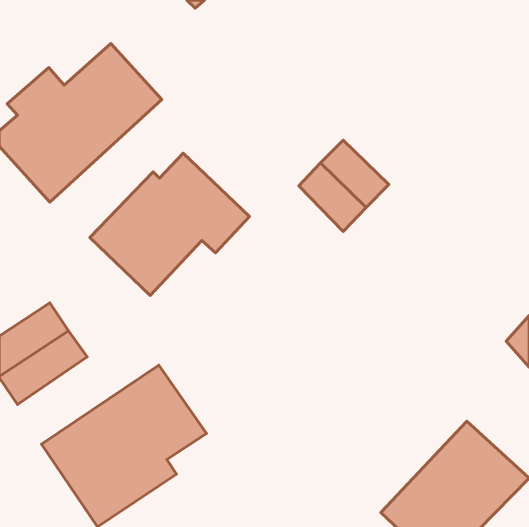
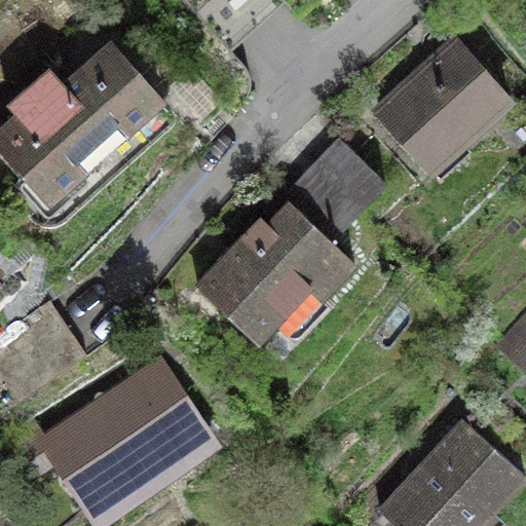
building: none -> [378,43,506,170]
building: [90,153,250,295] -> [196,202,354,343]

